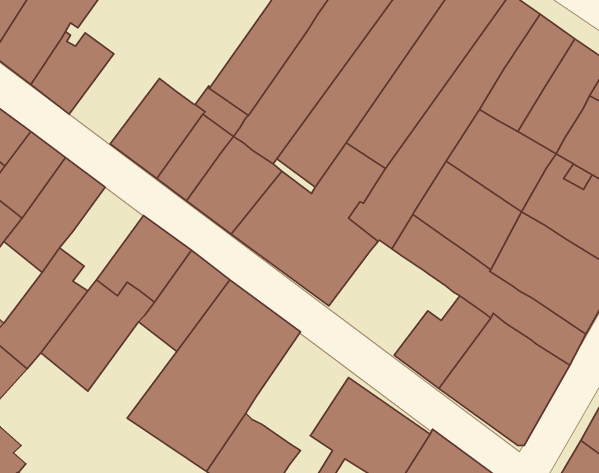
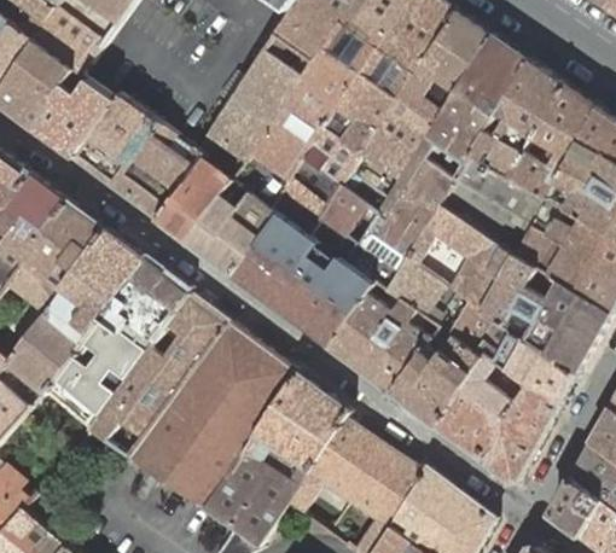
building: none -> [71,95,159,188]
building: none -> [62,231,144,332]
building: none -> [325,292,431,395]
building: none -> [89,362,176,456]
building: none -> [244,372,349,488]

